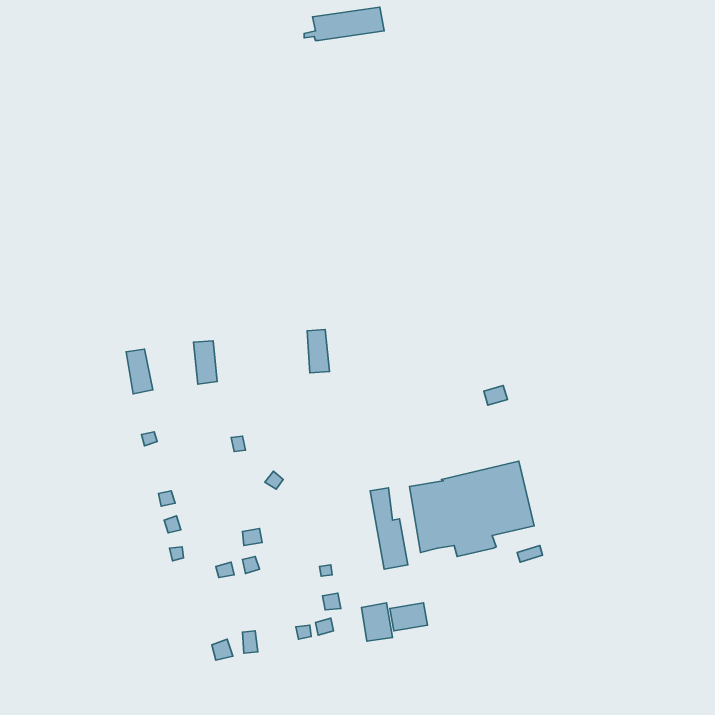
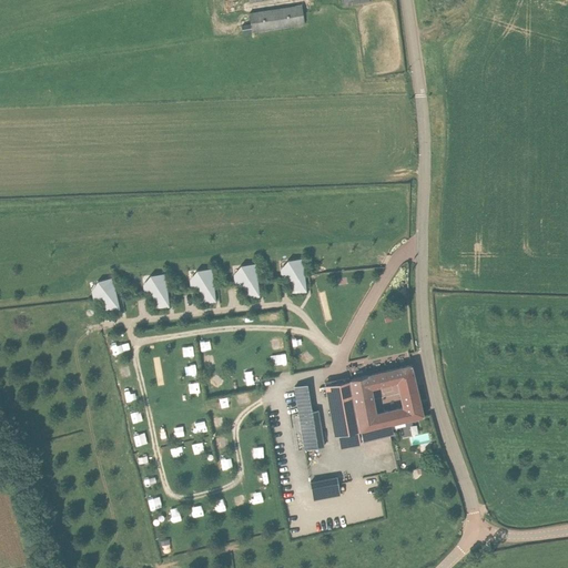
building: none -> [287,257,306,292]
building: none -> [199,266,217,301]
building: [361,603,392,641] -> none

